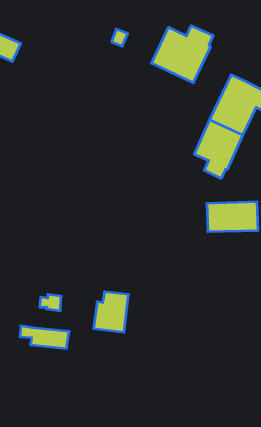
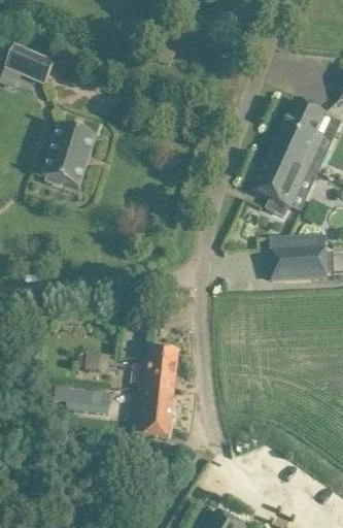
building: [151,26,213,83] -> none
building: none -> [42,125,96,188]
building: none -> [134,390,173,436]

